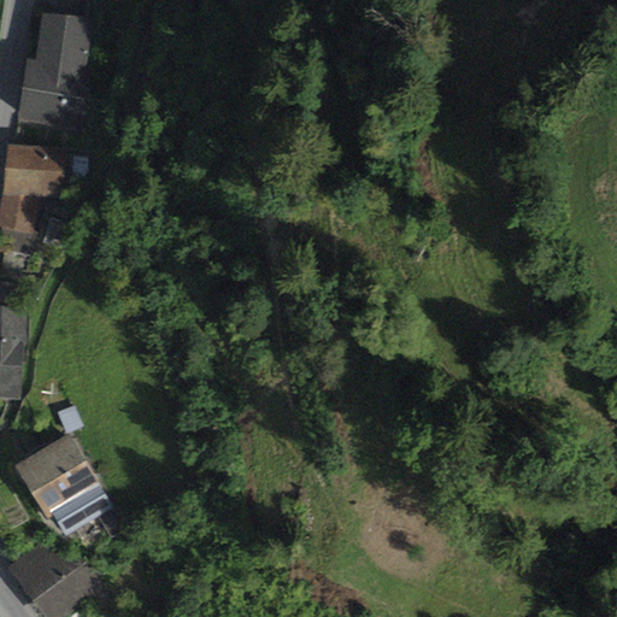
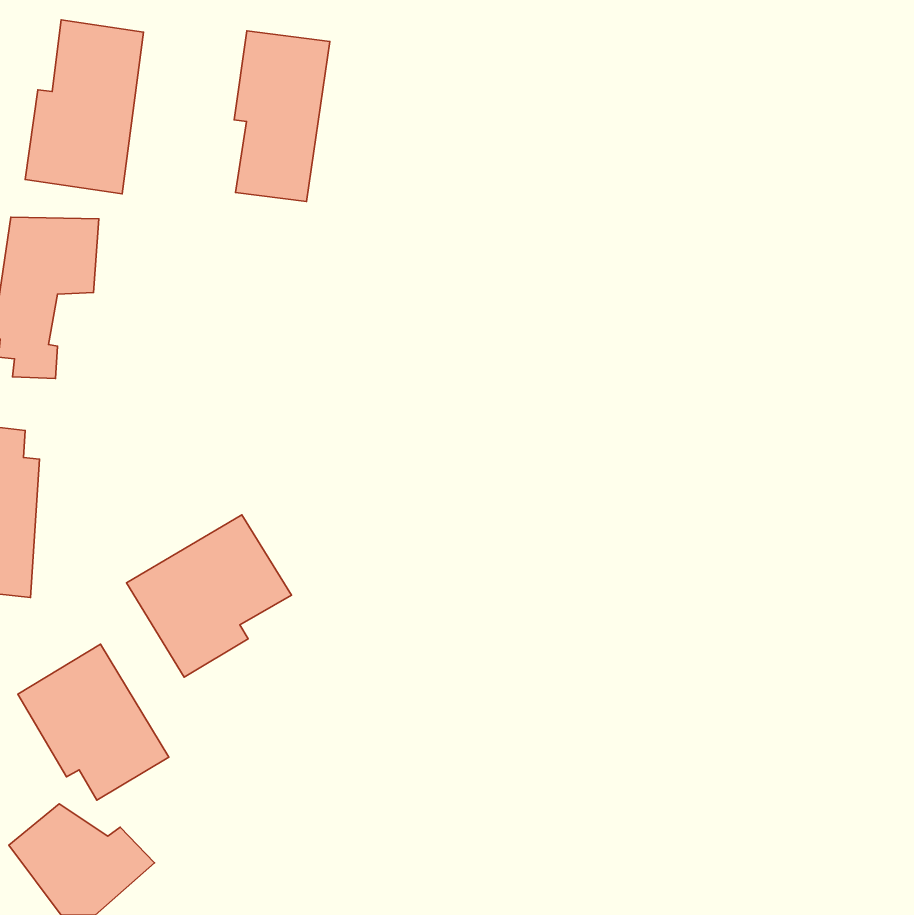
building: none -> [234,31,330,201]
building: none -> [126,515,291,677]

